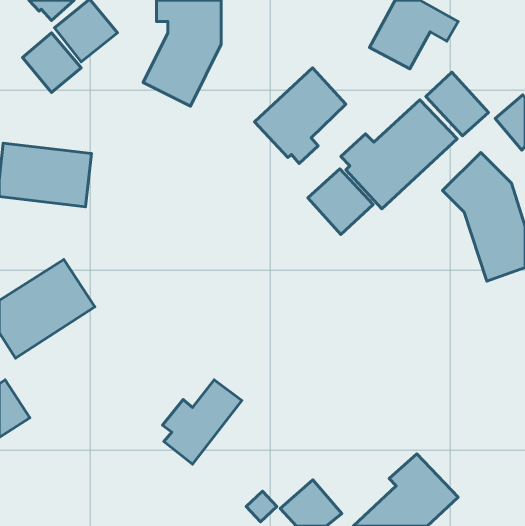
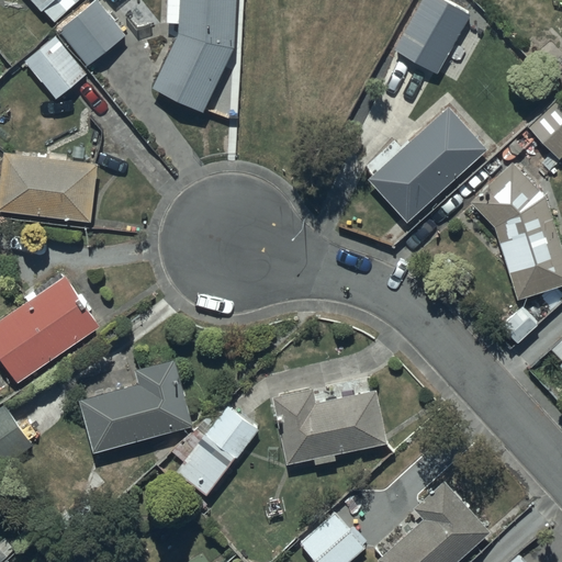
building: [255,68,346,164] -> none
building: [426,72,489,136] -> none
building: [308,169,373,234] -> none
building: none -> [80,360,191,451]
building: none -> [272,387,387,465]

